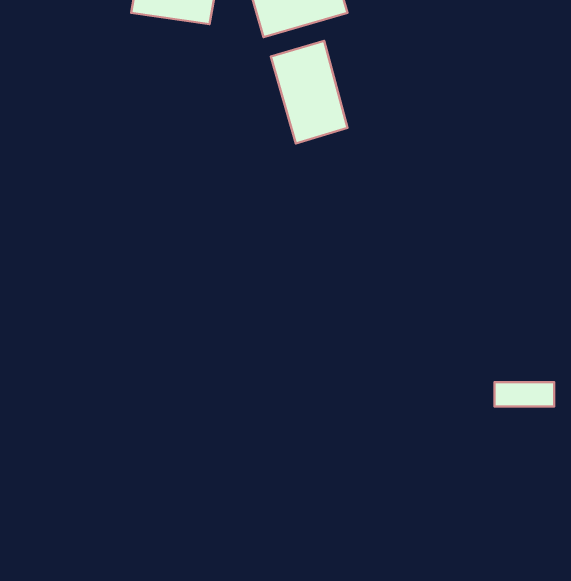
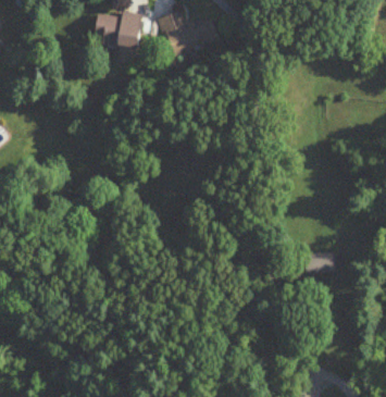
building: [271,41,347,143] -> none

